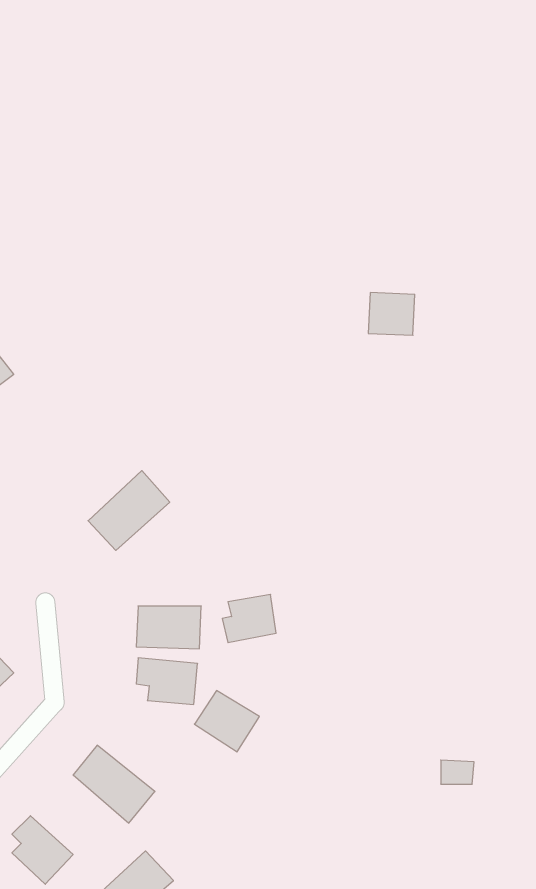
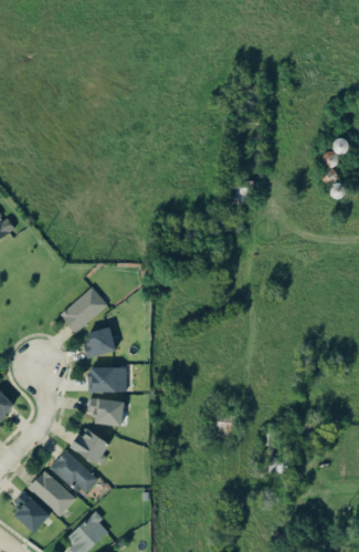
building: [222,594,276,643] -> [83,329,115,357]
building: [194,691,259,752] -> [71,428,109,465]
building: none -> [28,470,75,517]

